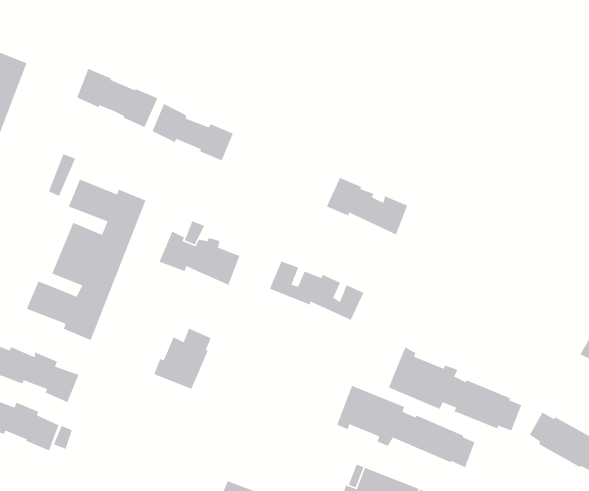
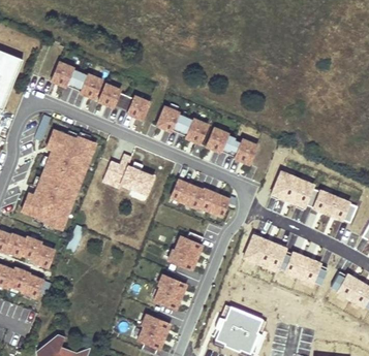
building: none -> [157,106,208,143]
building: [153,328,212,390] -> [167,231,204,269]
building: [336,385,475,469] -> [271,172,357,224]
building: none -> [154,274,185,310]

